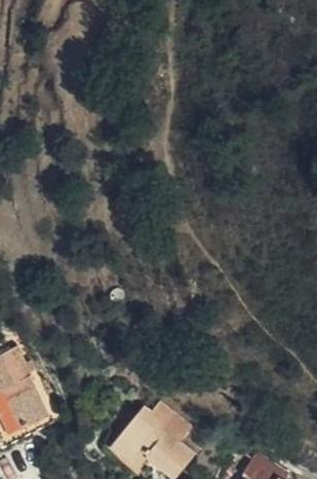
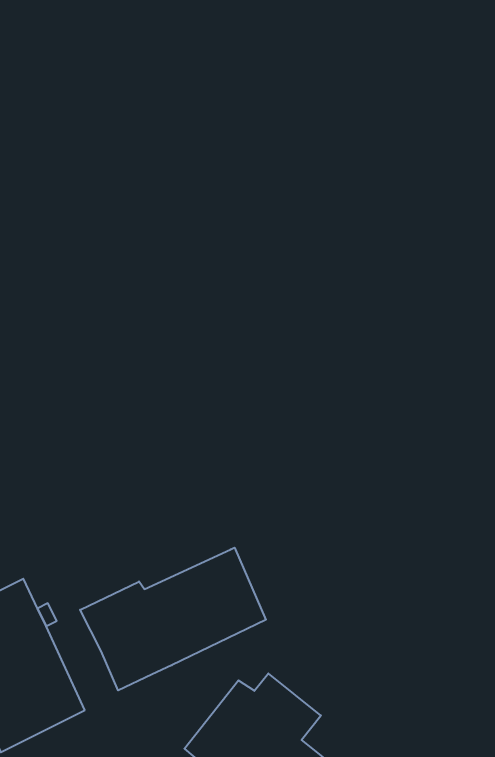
building: none -> [80,548,266,690]

